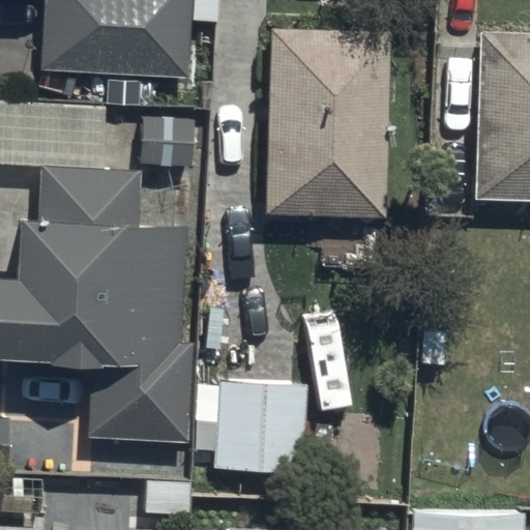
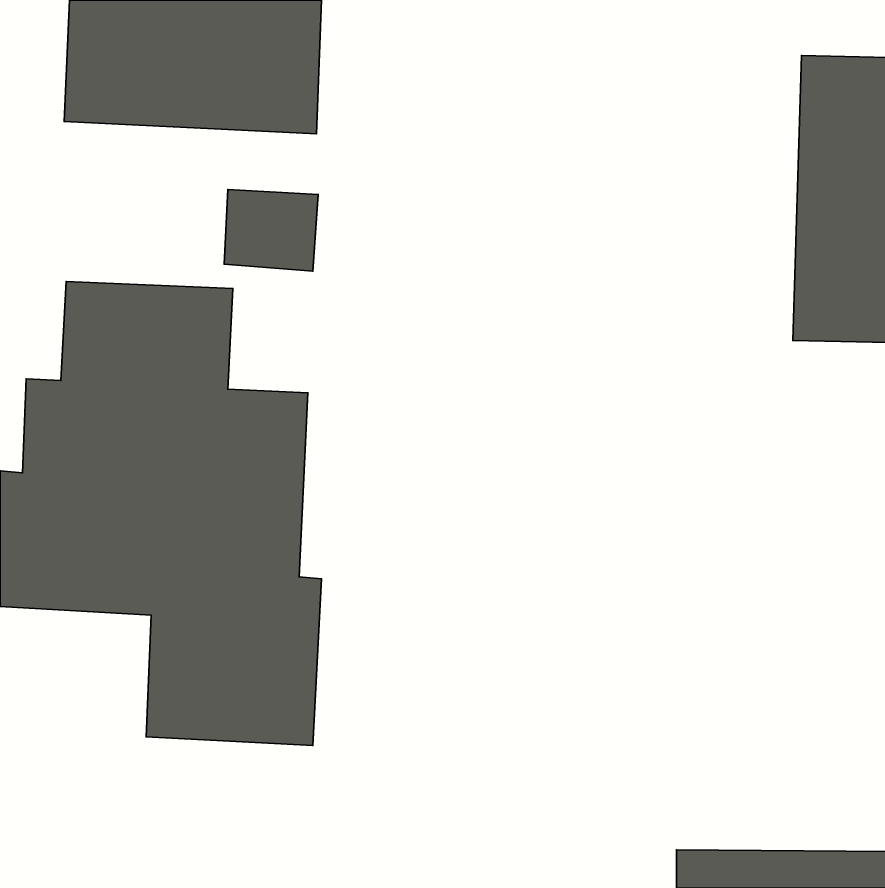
building: [267,32,389,218] -> none
building: [209,377,304,468] -> none

